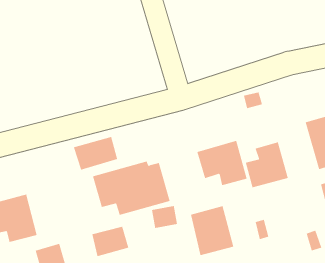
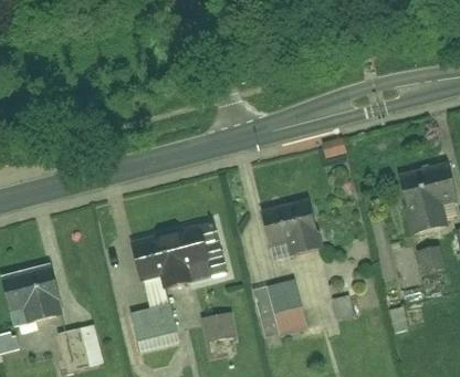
building: [73,136,118,171] -> none
building: [245,142,288,188] -> none
building: [151,205,178,229] -> [203,312,237,341]

